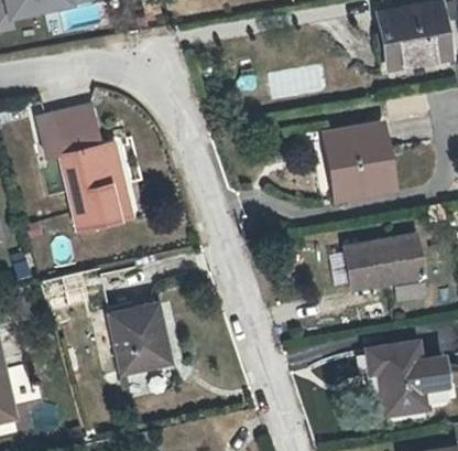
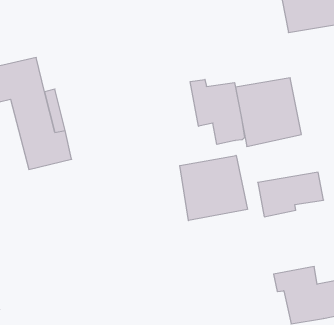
building: none -> [190,79,245,144]
building: none -> [180,155,247,221]
building: [112,308,173,373] -> none

